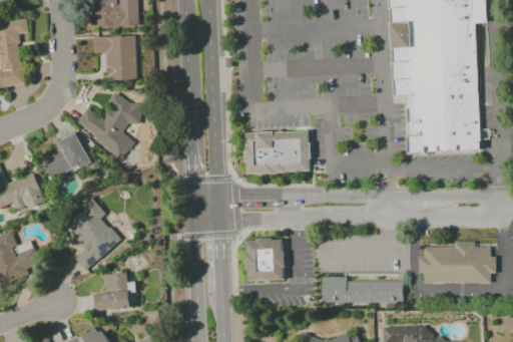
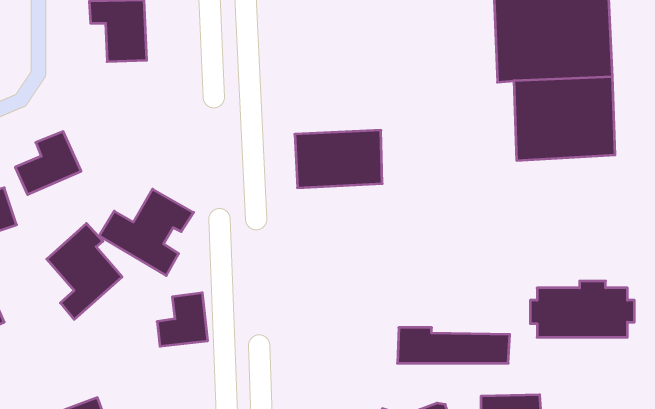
building: [74,92,143,155] -> [99,189,194,276]
building: [245,239,285,281] -> none
building: [92,272,129,311] -> [157,293,208,346]

